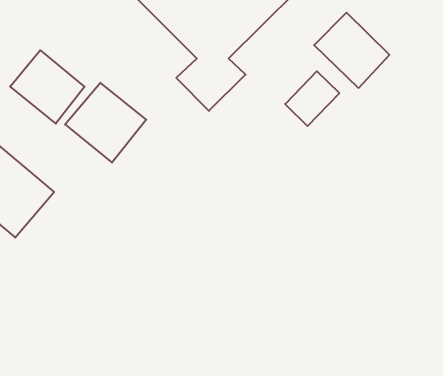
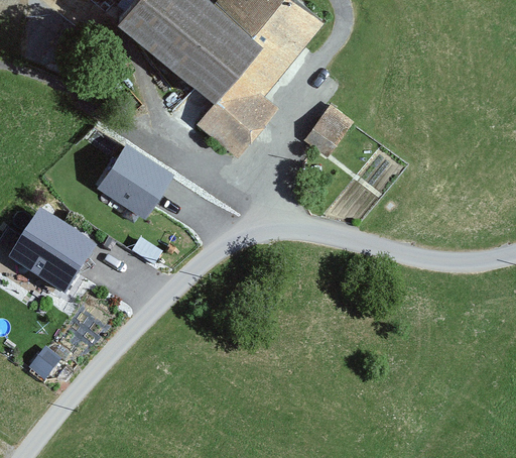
building: [314,13,389,88] -> none
building: [10,50,85,124] -> none

